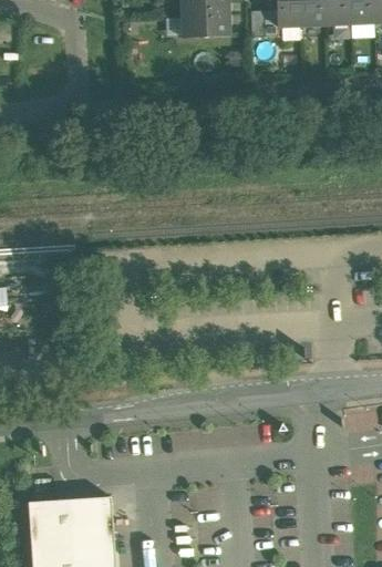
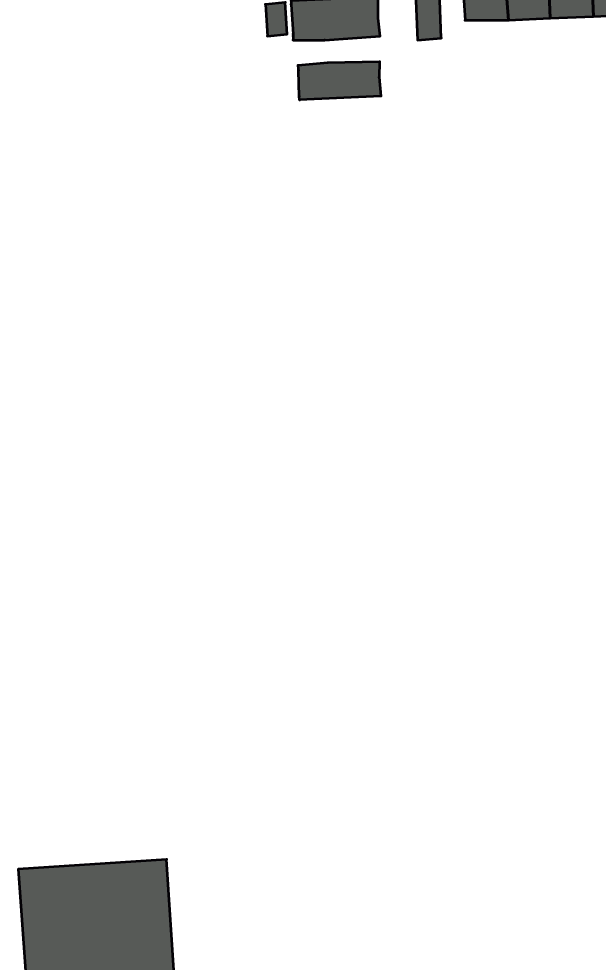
building: none -> [298,62,381,100]

